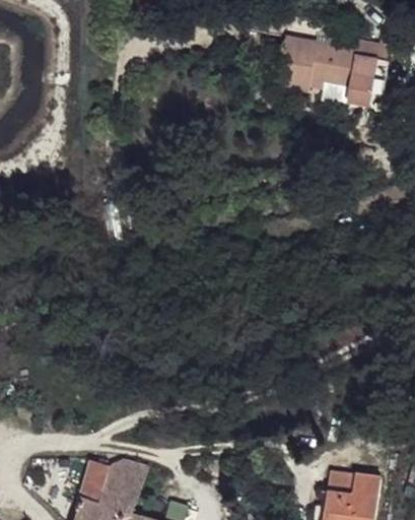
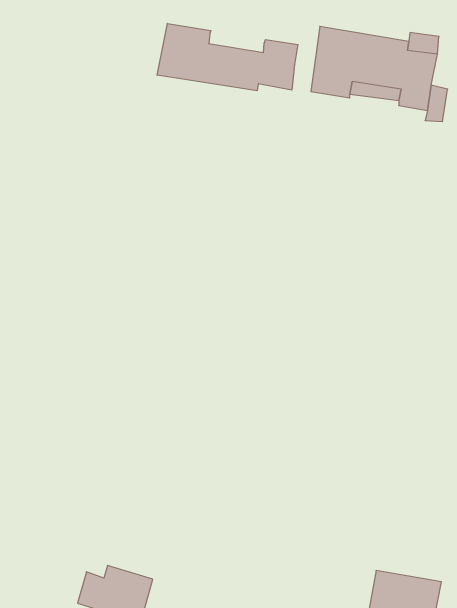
building: none -> [157,23,298,91]

